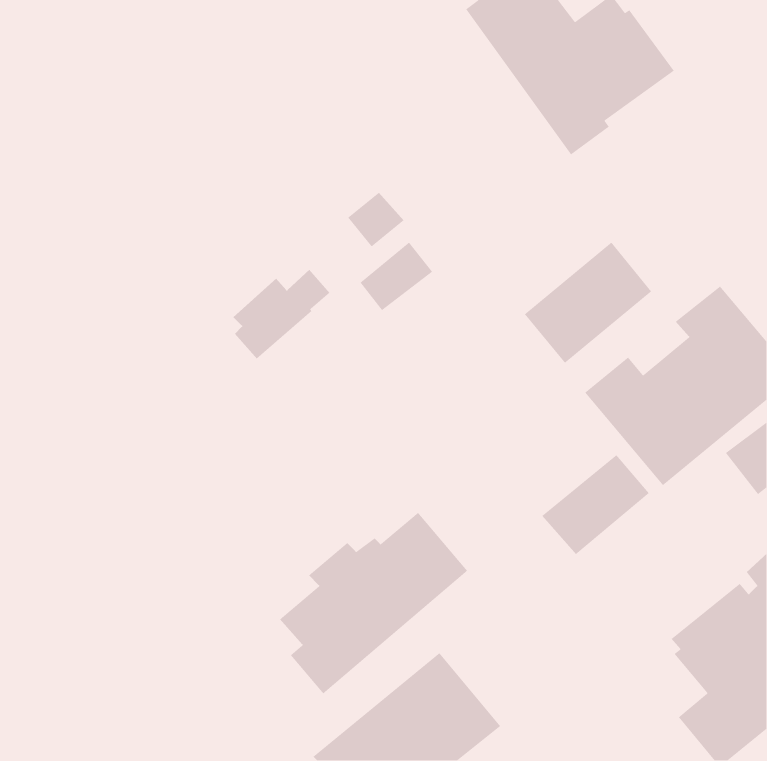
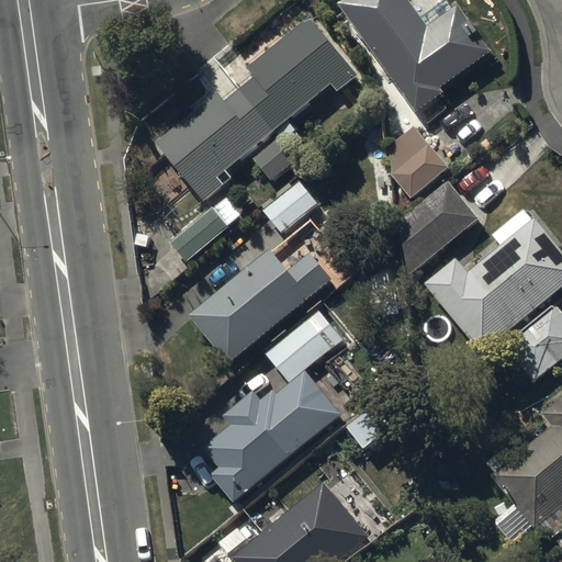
building: none -> [157,19,370,200]
building: none -> [389,127,448,196]
building: none -> [190,251,333,366]
building: [541,454,650,555] -> [265,307,344,381]

